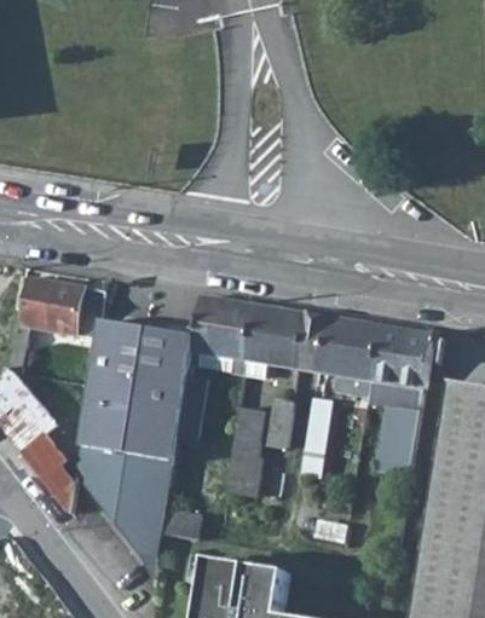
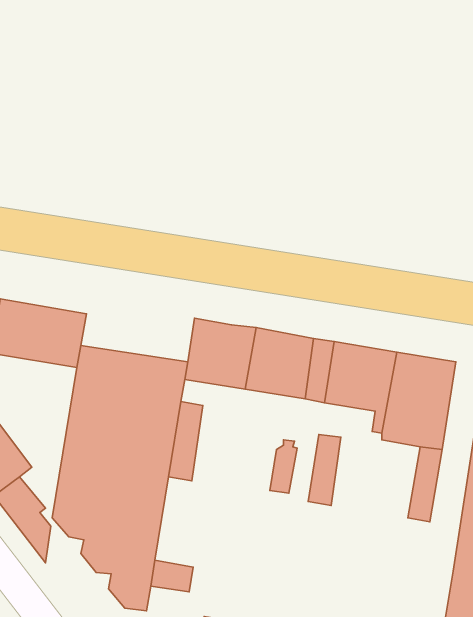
building: [224,409,262,496] -> none

